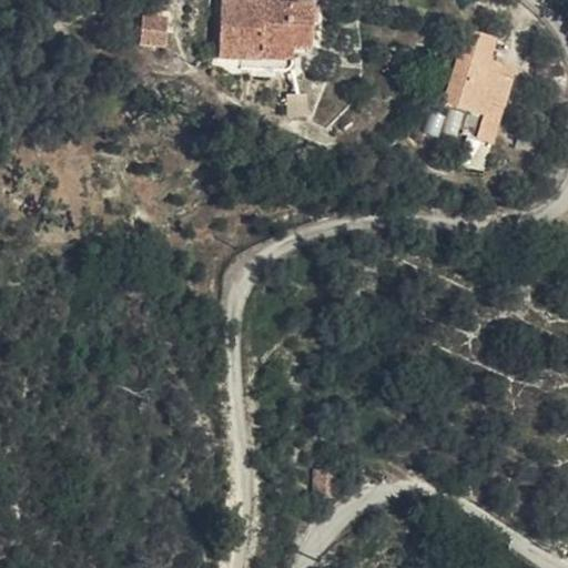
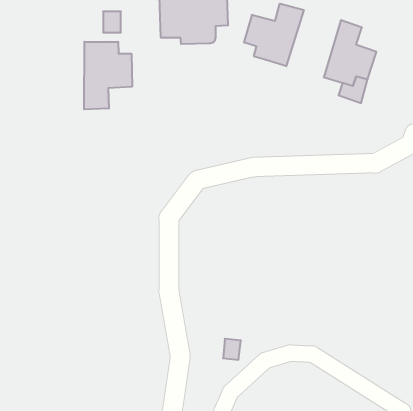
building: none -> [244,4,304,66]
building: none -> [84,42,132,109]

